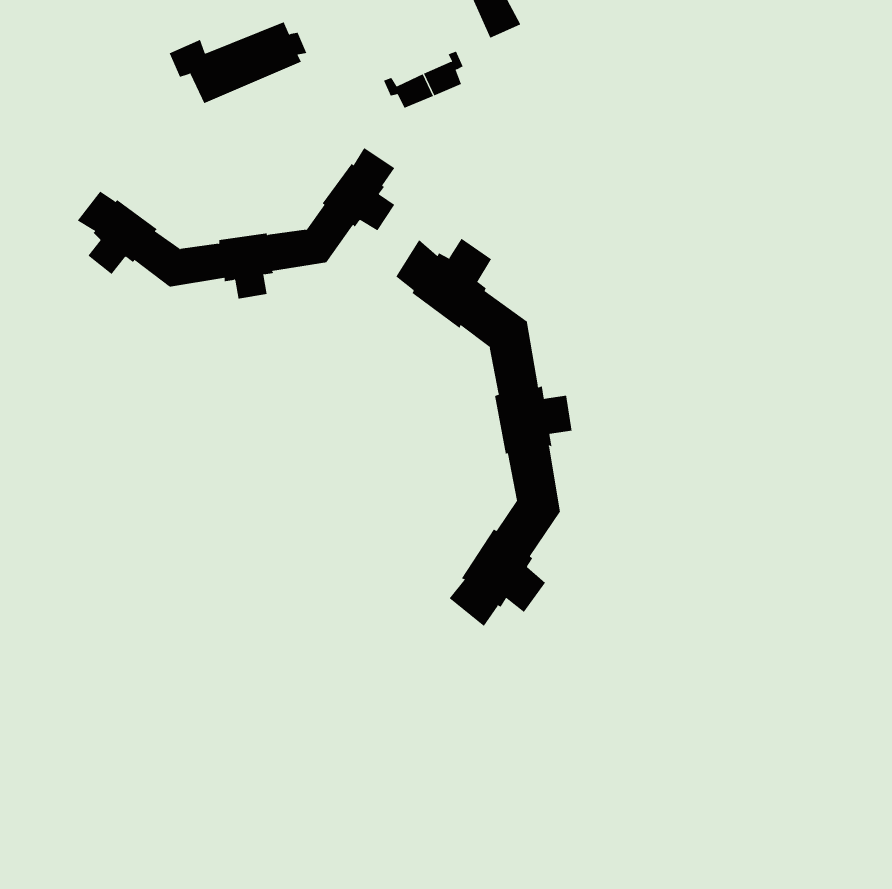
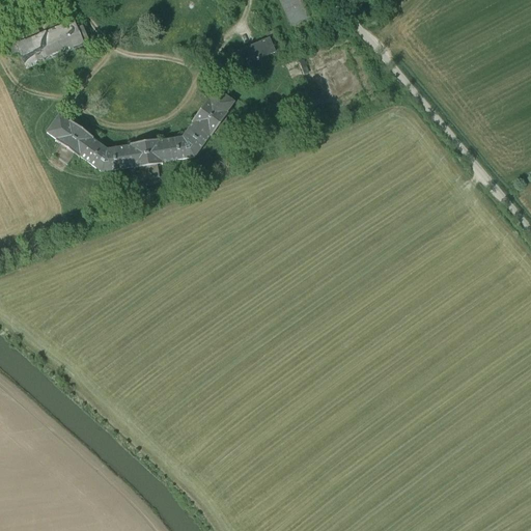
building: [169,22,307,104] -> [6,19,88,67]
building: [396,238,572,627] -> none

